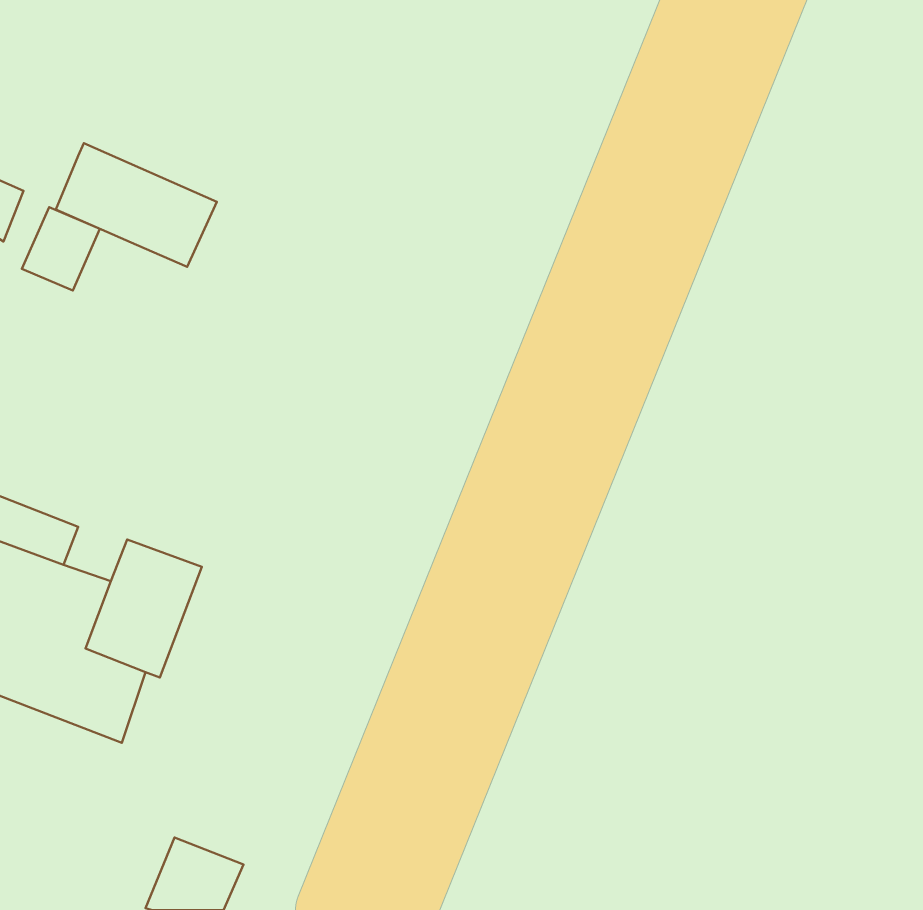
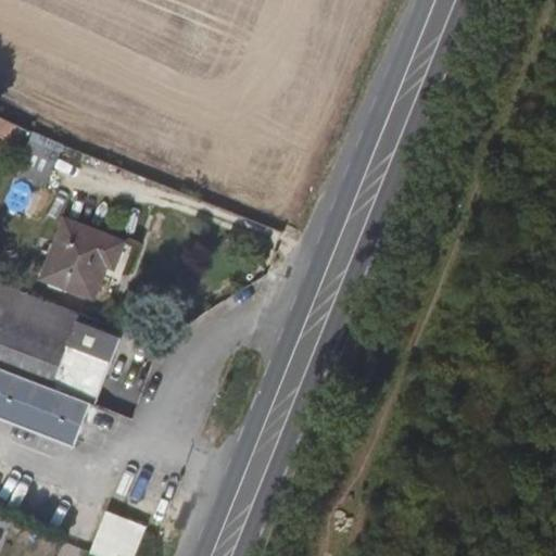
building: [56,143,217,267] -> none
building: none -> [39,224,119,299]

